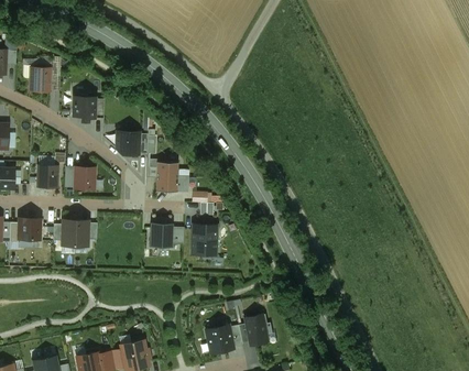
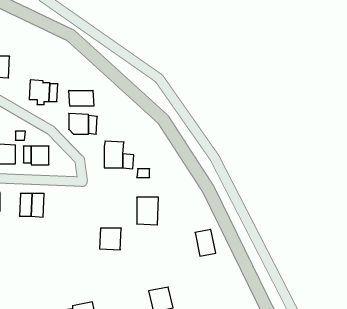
building: none -> [69,90,94,106]
building: [150,223,174,248] -> [100,228,121,250]
building: [246,315,269,345] -> [195,229,216,256]

